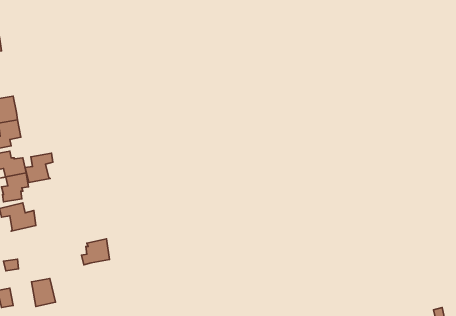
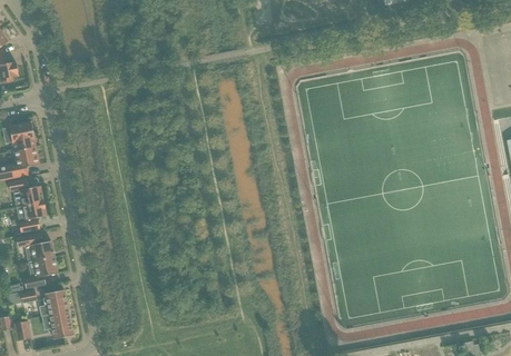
building: [25,153,53,182] -> none
building: none -> [22,256,57,288]
building: [82,239,110,265] -> [38,289,67,316]

